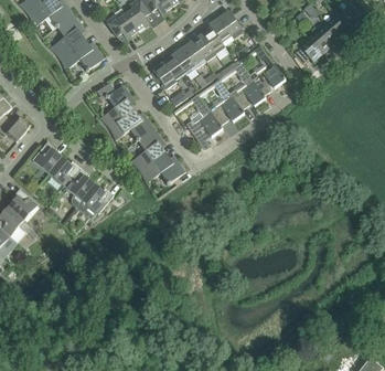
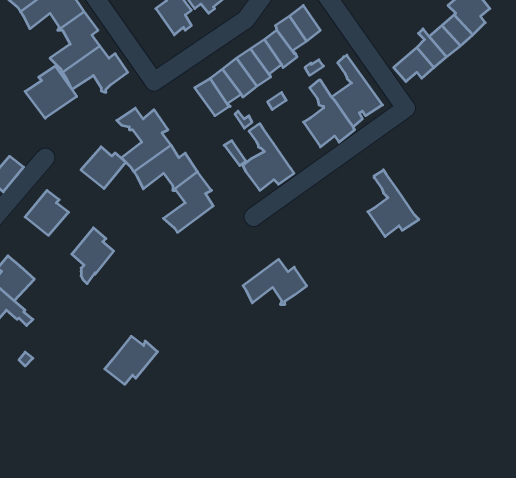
building: [105,11,137,39] -> none
building: none -> [25,66,77,118]
building: [207,77,244,125] -> [368,170,419,237]
building: [139,151,184,183] -> [243,259,307,304]
building: [47,156,79,186] -> [81,147,126,189]
building: [75,183,113,218] -> [105,336,158,384]

